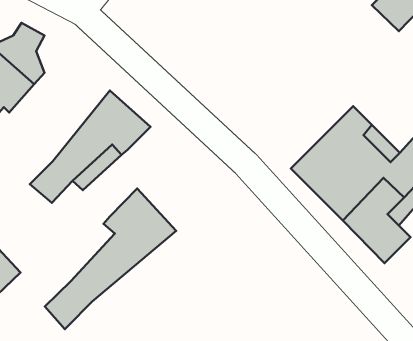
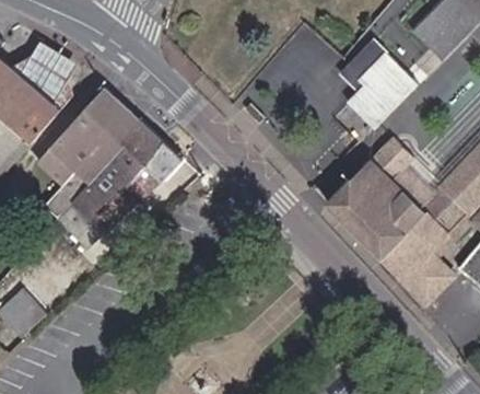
building: none -> [343,40,418,127]
building: none -> [35,86,138,217]
building: [45,189,176,329] -> none

